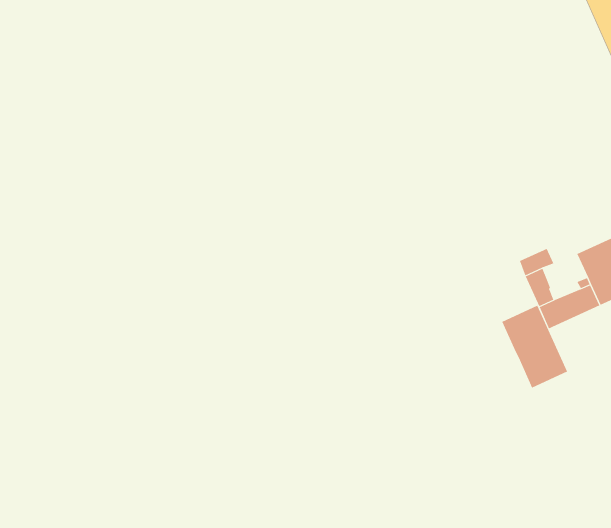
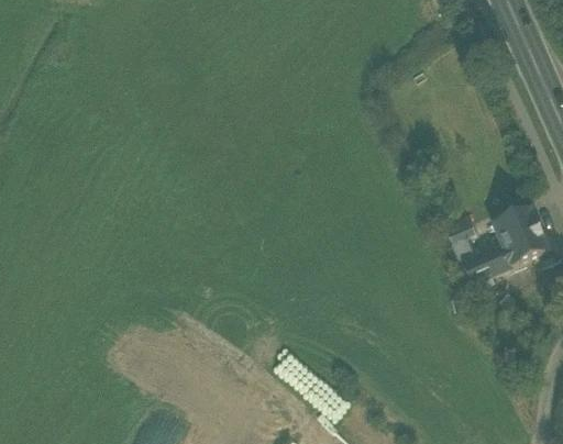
building: [501,305,568,388] -> none

